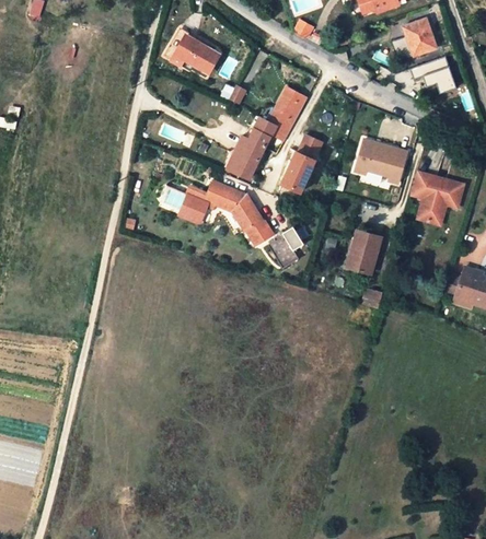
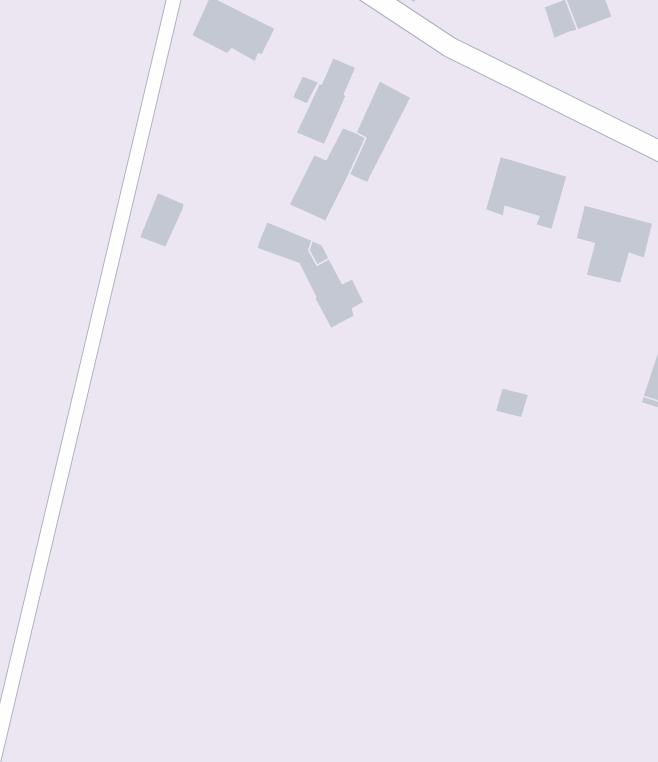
building: [410,56,456,91] -> none
building: [281,136,321,192] -> [296,57,356,145]
building: [176,186,206,222] -> [139,192,184,248]
building: [267,227,301,267] -> none
building: [343,229,381,272] -> none

